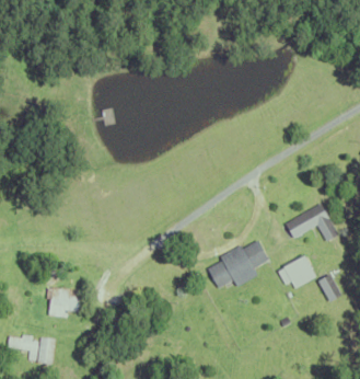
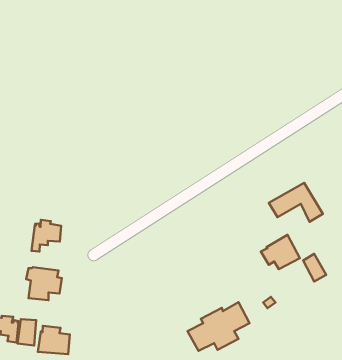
building: [207,239,268,287] -> [188,302,250,351]
building: none -> [31,220,61,252]
building: none -> [38,326,70,354]

